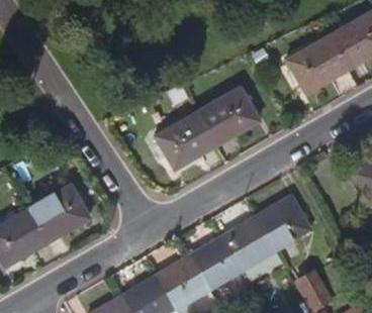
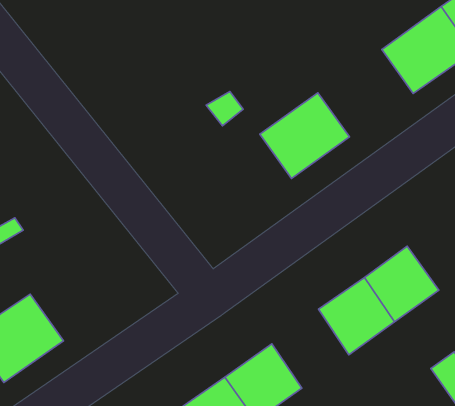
building: [154,110,216,169] -> none
building: [29,183,91,241] -> none
building: [193,234,246,288] -> none

